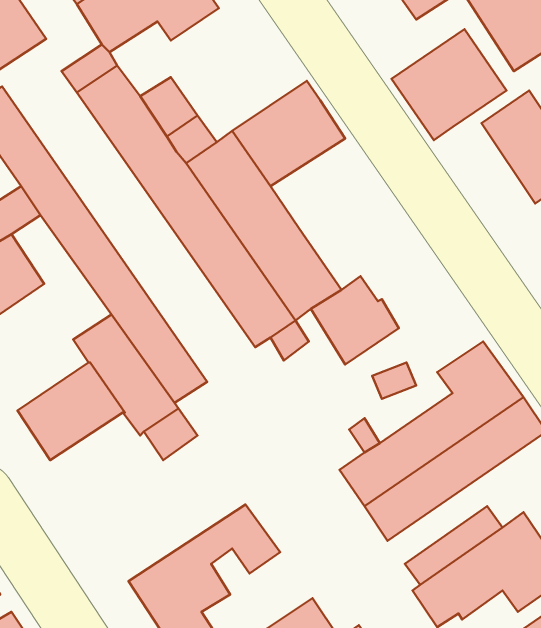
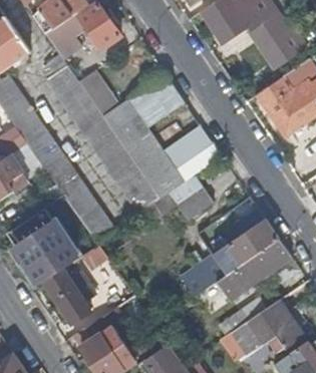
building: [392,29,507,140] -> [162,124,222,182]
building: none -> [44,266,96,323]

